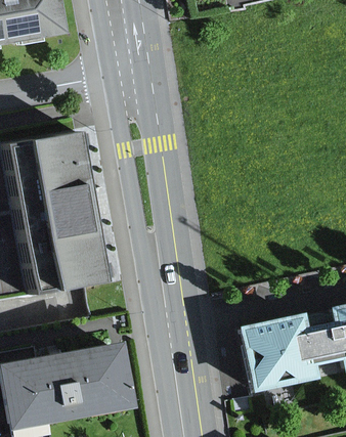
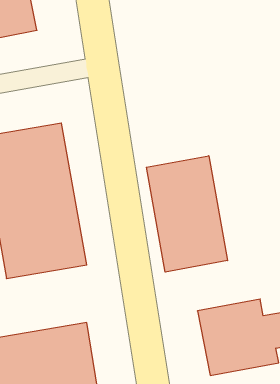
building: none -> [146,156,228,272]

